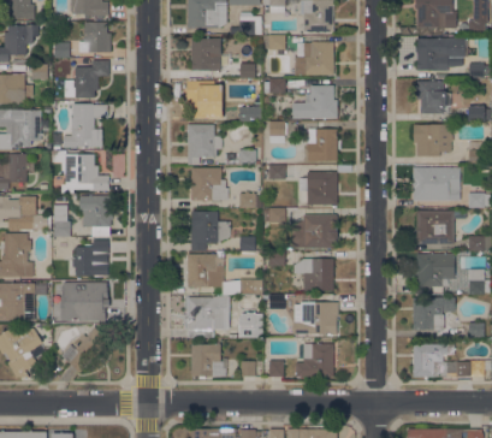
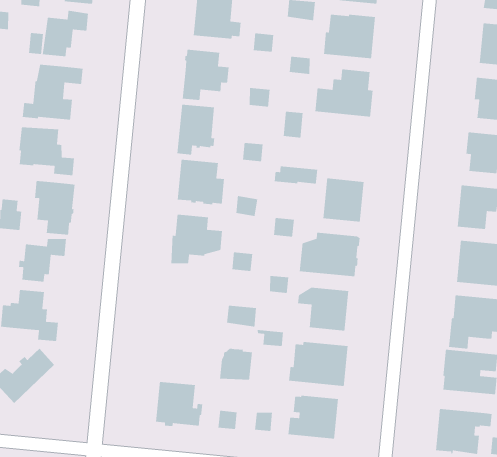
building: [308,129,337,161] -> none
building: [188,253,224,288] -> none
building: [184,296,231,338] -> none

